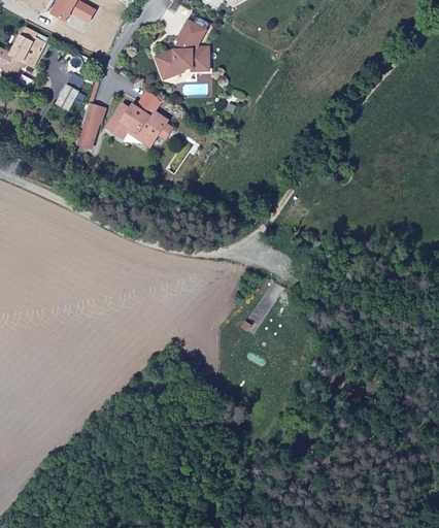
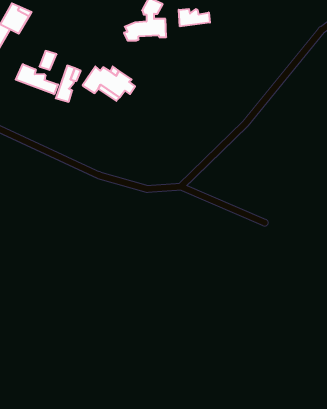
building: none -> [179,9,210,26]
building: none -> [16,64,58,94]

